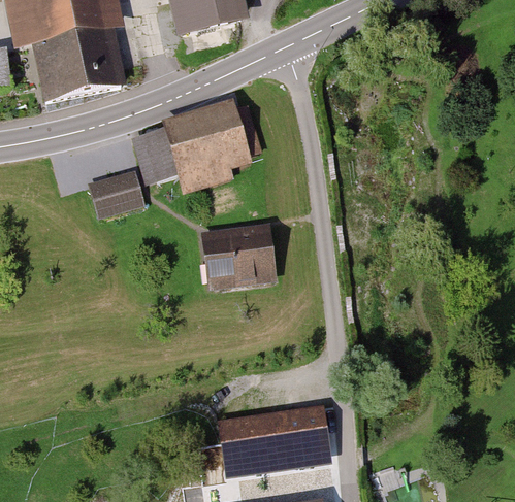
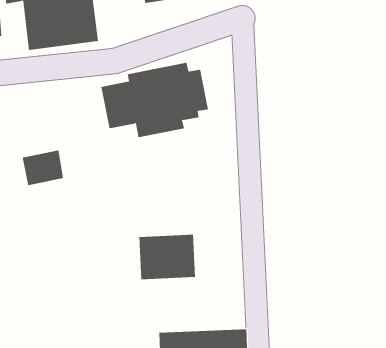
building: [92,173,143,219] -> [22,150,64,186]
building: [203,229,275,288] -> [139,234,196,280]

